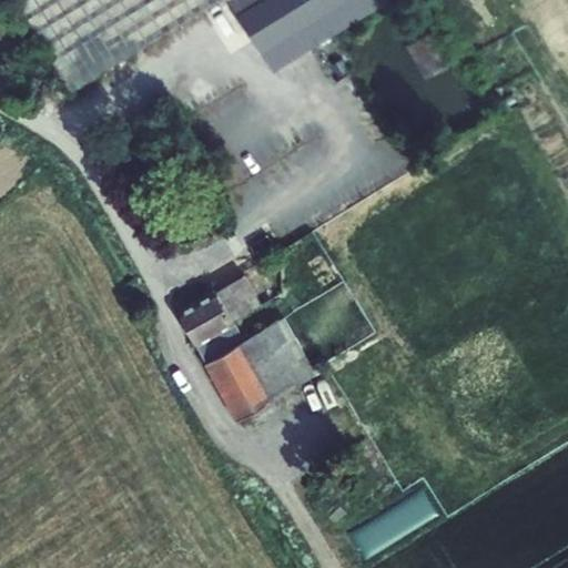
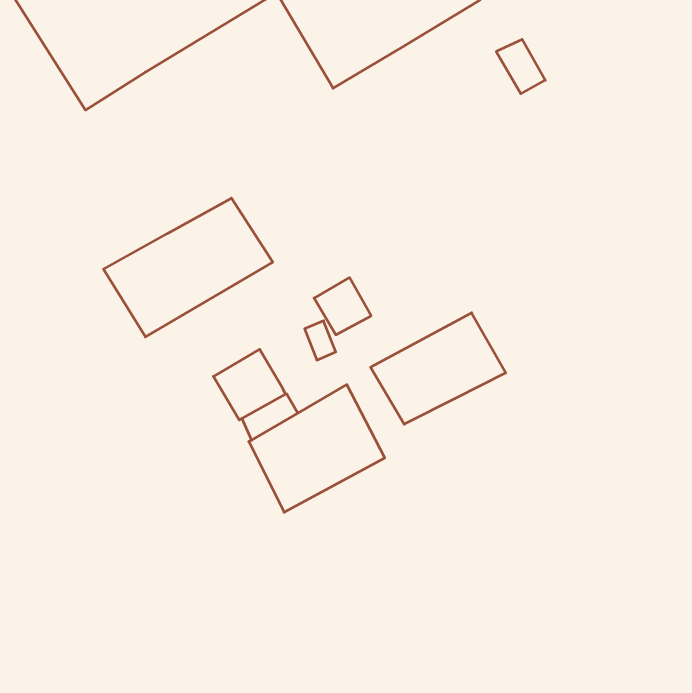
building: none -> [104,198,273,337]
building: none -> [371,313,506,424]
building: [213,271,260,317] -> [314,278,371,335]

